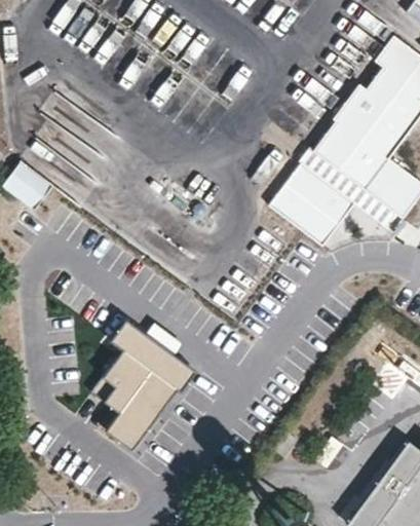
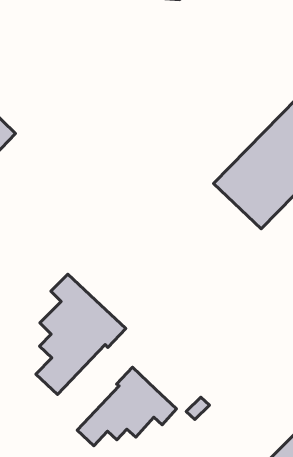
building: none -> [77,367,177,446]

